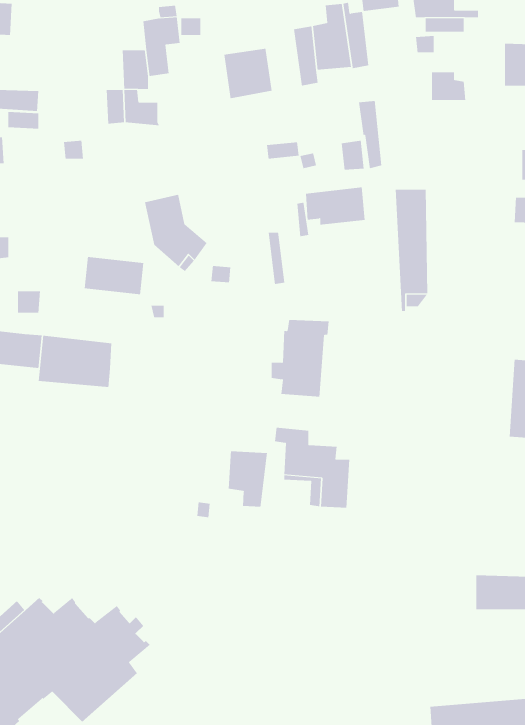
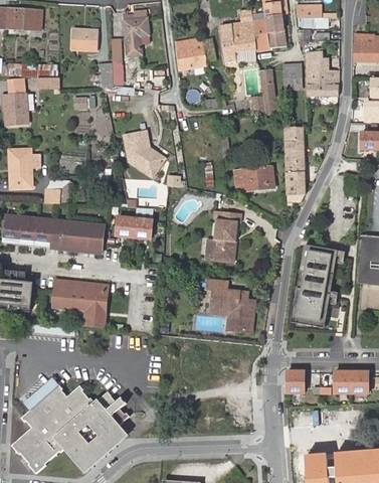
building: none -> [263,11,288,48]
building: none -> [70,28,98,50]
building: none -> [283,63,301,88]
building: none -> [307,70,338,96]
building: [305,187,366,225] -> [235,166,273,190]
building: [84,257,144,295] -> [115,213,153,237]
building: none -> [293,243,339,326]
building: none -> [52,279,107,326]
building: [228,451,267,508] -> none
building: none -> [288,371,305,393]

